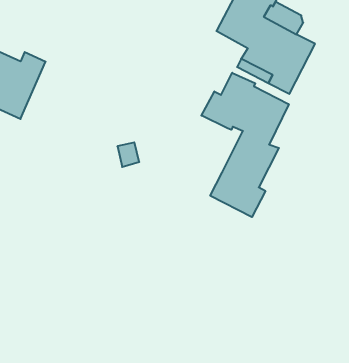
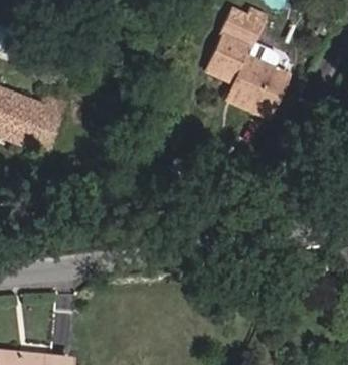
building: [201,73,289,217] -> none

